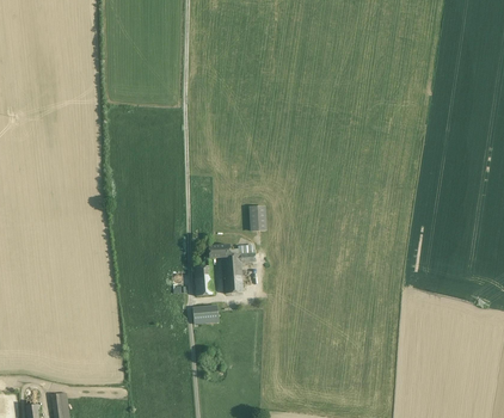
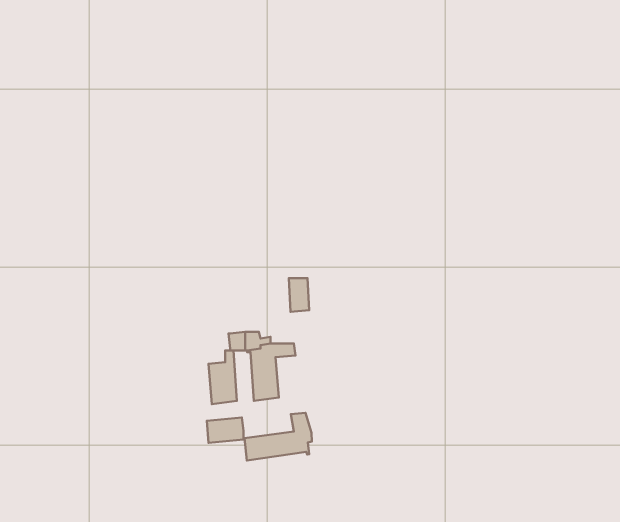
building: none -> [245,413,312,460]

